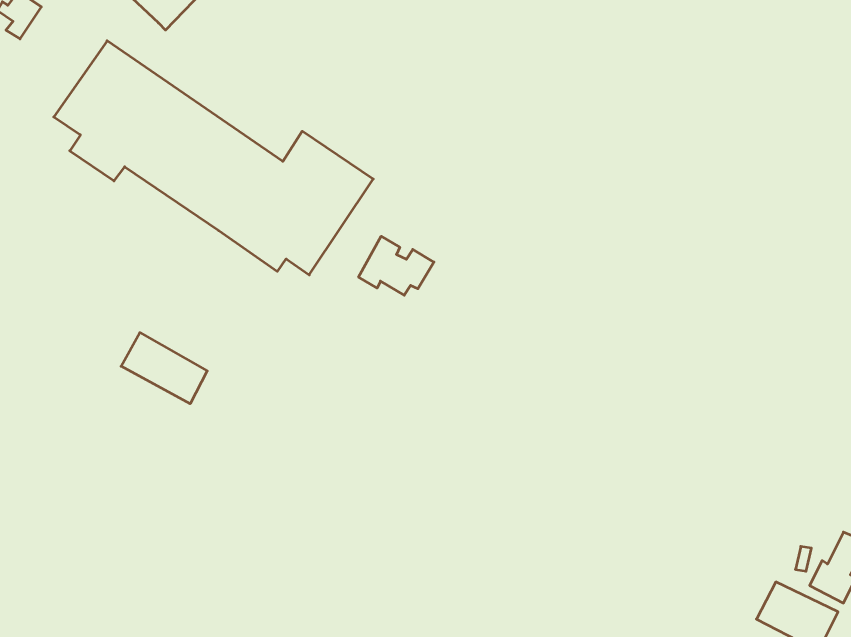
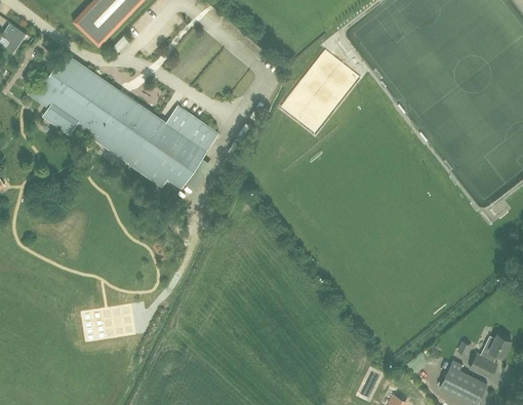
building: [359,236,434,295] -> none
building: [121,333,207,404] -> none

